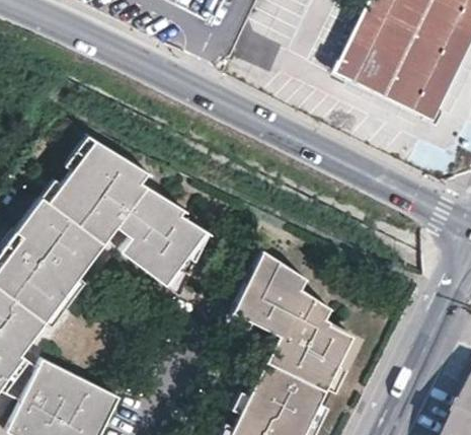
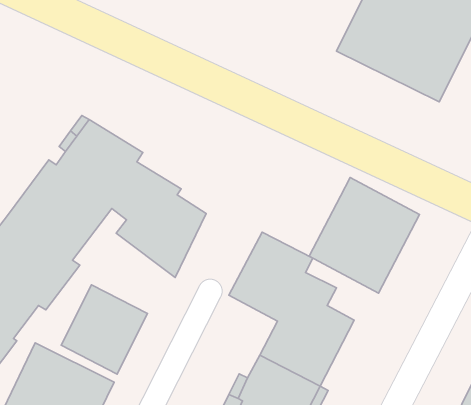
building: none -> [309,178,419,293]
building: none -> [61,285,147,374]

